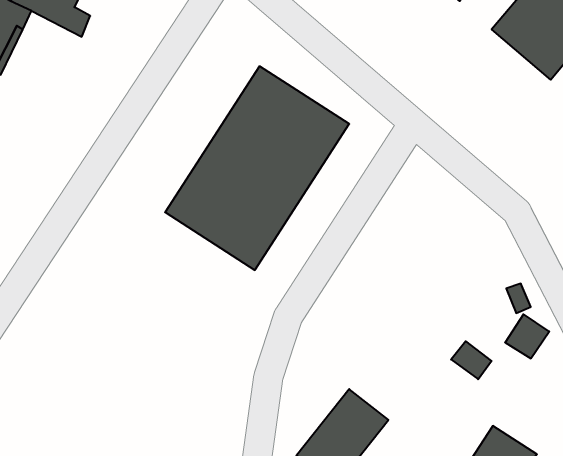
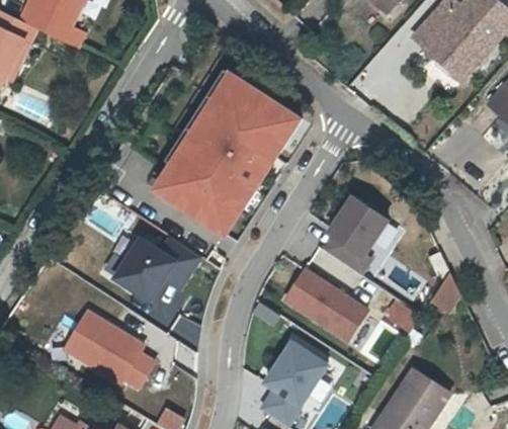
building: none -> [322,194,393,267]
building: none -> [115,231,199,315]
building: none -> [282,266,366,344]
building: none -> [67,311,160,389]

